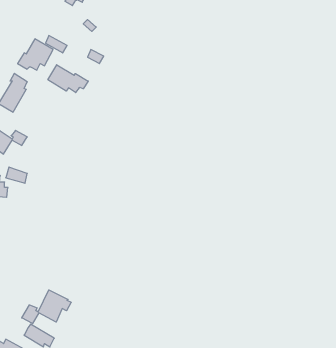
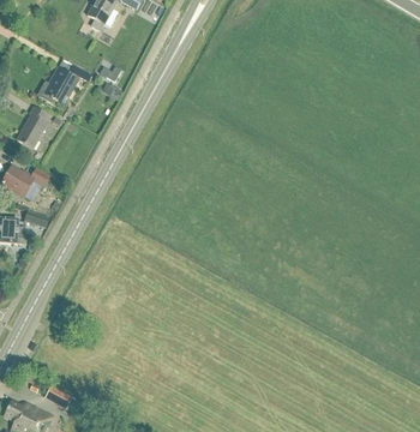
building: [48,65,88,93] -> none
building: [22,290,71,324] -> none

